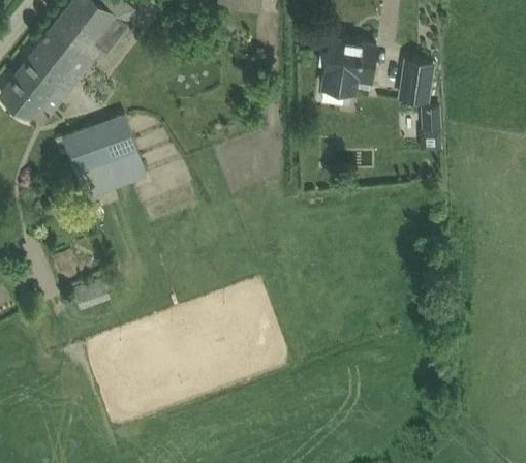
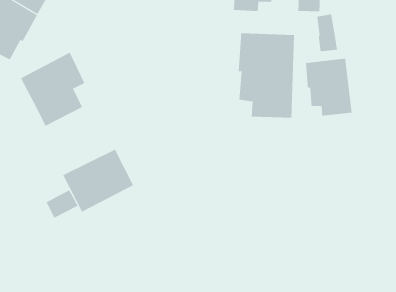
building: none -> [238,33,295,119]
building: none -> [305,58,352,117]
building: none -> [63,149,134,213]

